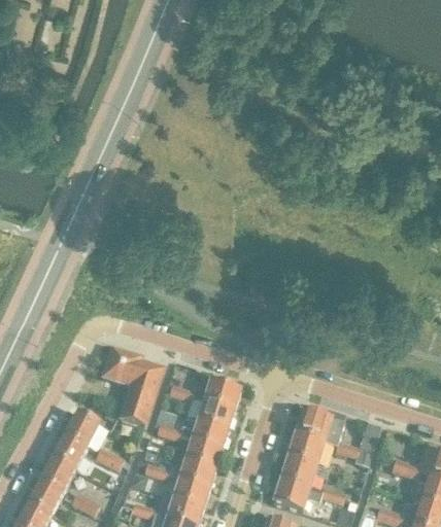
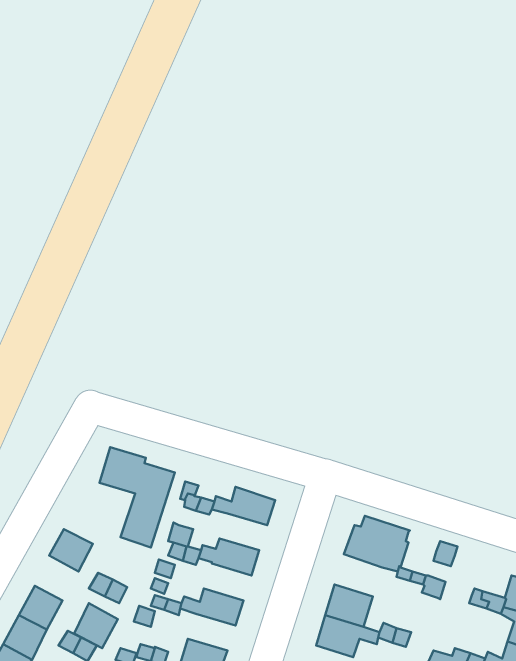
building: [197,402,234,431] -> none
building: [286,434,324,467] -> none
building: [53,435,87,470] -> [74,603,118,648]
building: [184,442,222,470] -> none
building: [172,481,209,510] -> none

